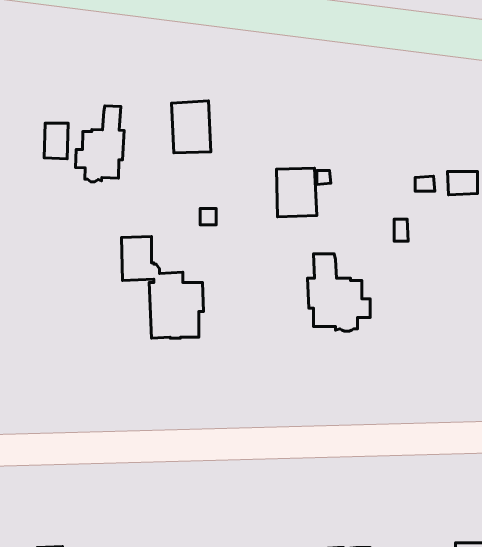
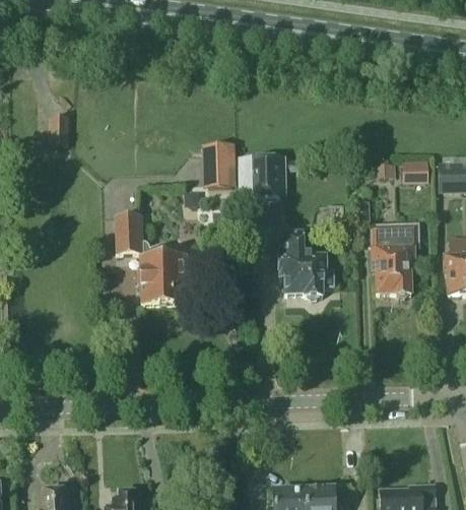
building: [171,101,211,153] -> [202,143,237,189]
building: [76,106,124,182] -> none
building: none -> [371,224,418,299]

